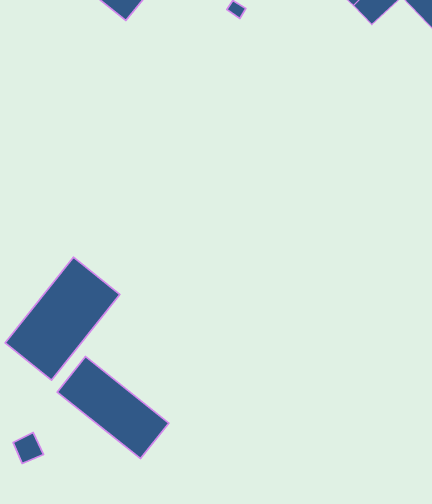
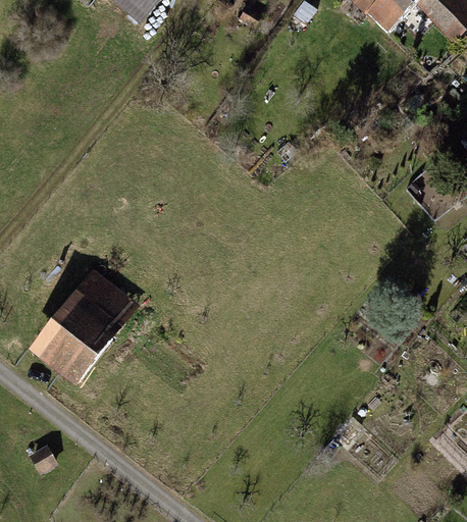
building: [57,356,169,459] -> none

